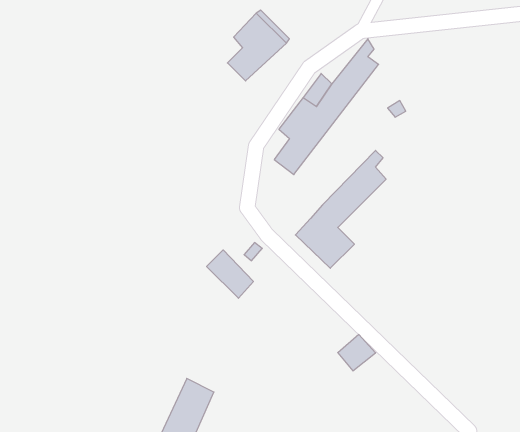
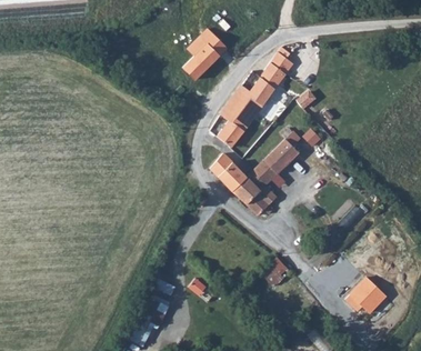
building: [207,250,253,298] -> [209,156,243,191]
building: none -> [350,277,387,313]

